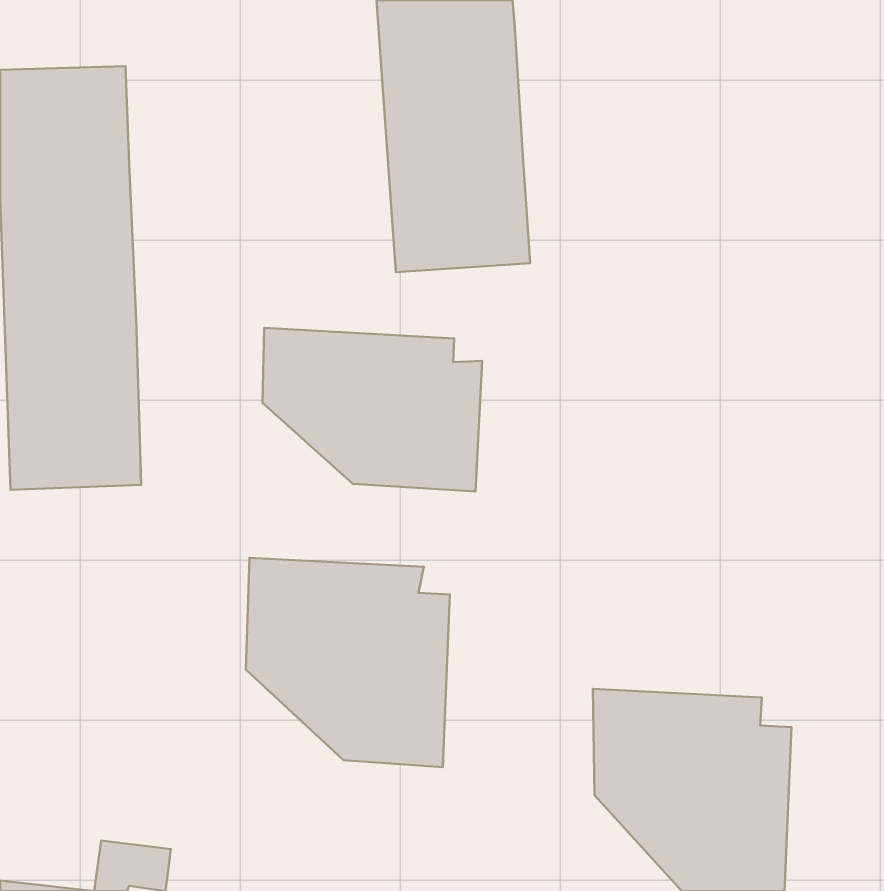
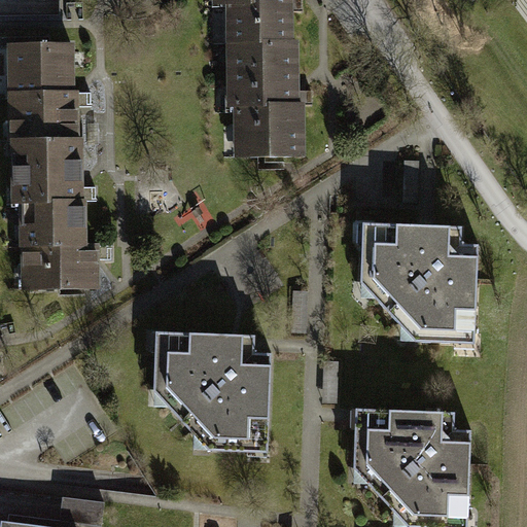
building: [263,328,482,492] -> none
building: none -> [358,220,479,347]

